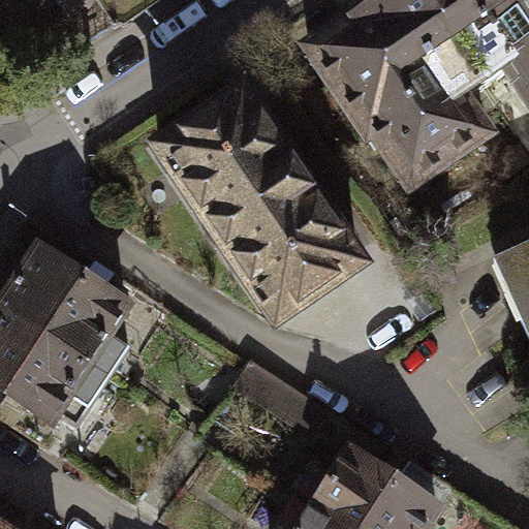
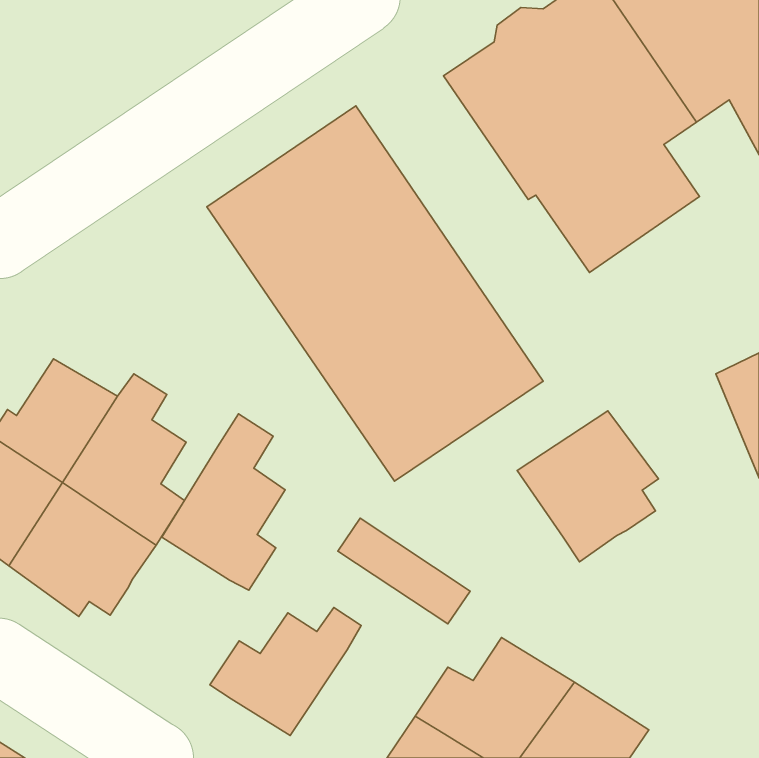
building: none -> [517,411,658,562]
building: none -> [162,414,285,590]
building: none -> [210,608,361,736]

